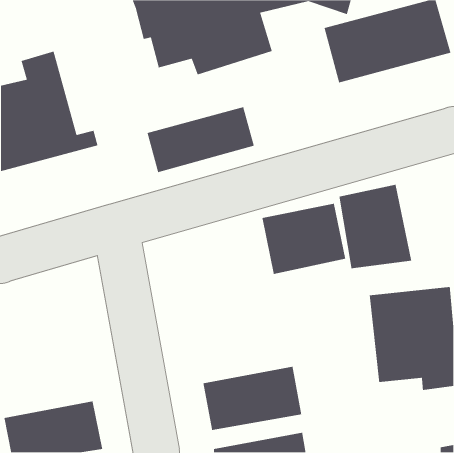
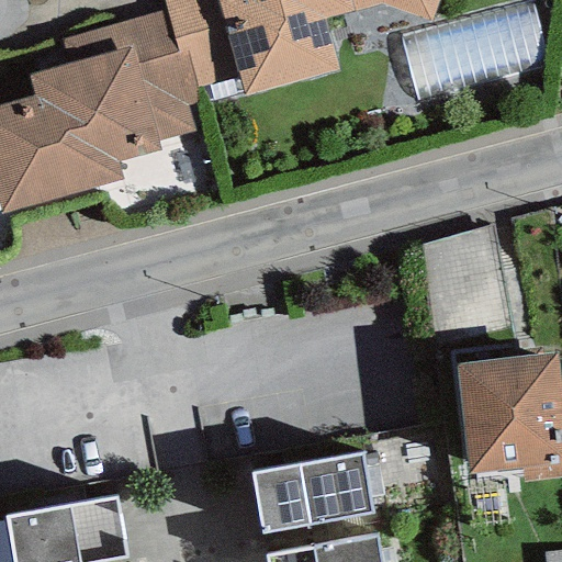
building: none -> [61,11,201,166]
building: [146,106,255,173] -> none
building: [261,203,346,275] -> none

